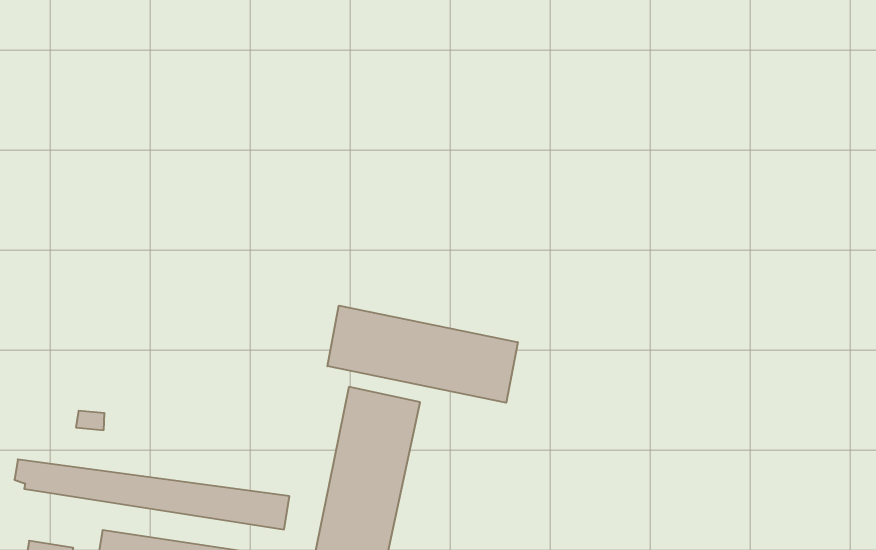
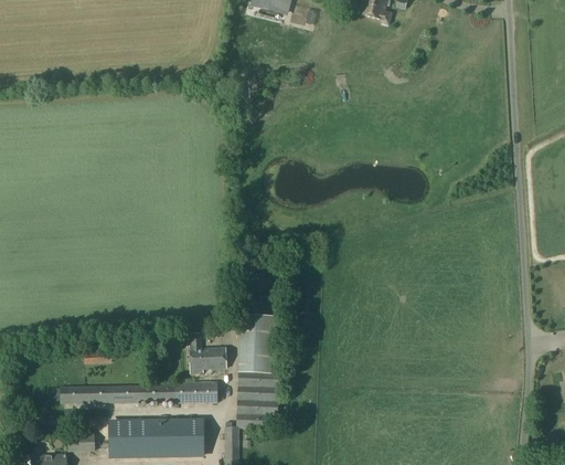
building: [327,306,518,403] -> none
building: none -> [190,331,226,372]

